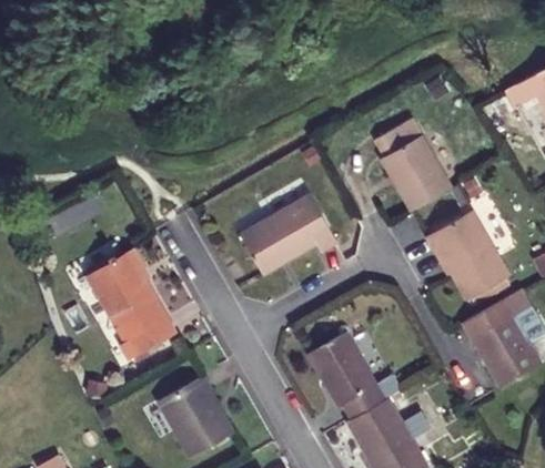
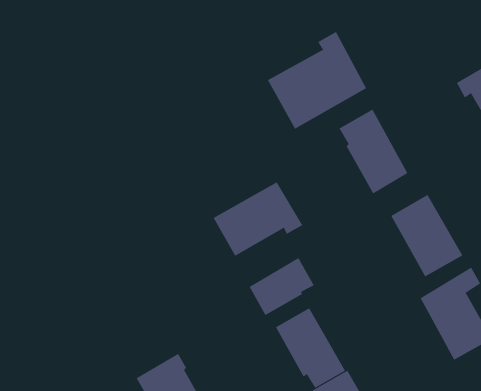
building: none -> [267,31,367,129]
building: [94,246,172,357] -> none
building: none -> [249,257,315,316]

